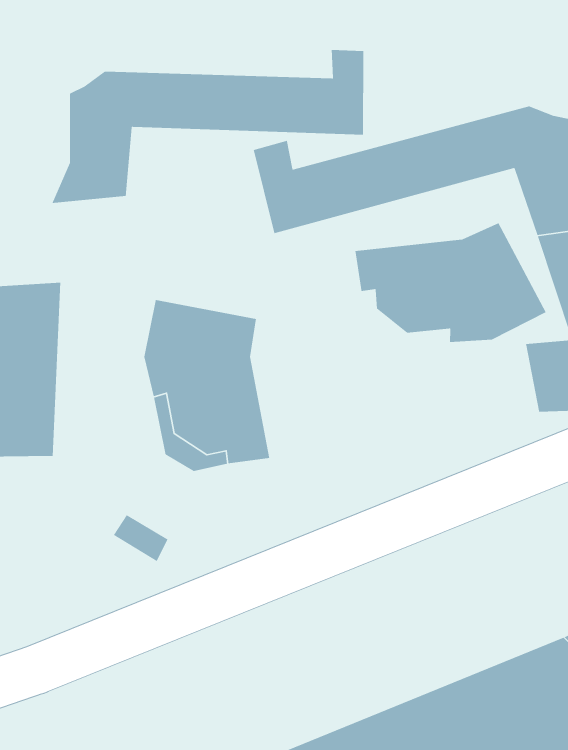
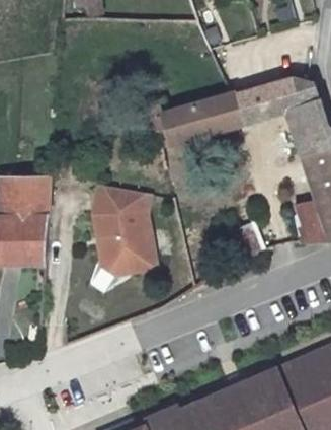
building: [51,49,364,204] -> none
building: [354,222,547,343] -> none

